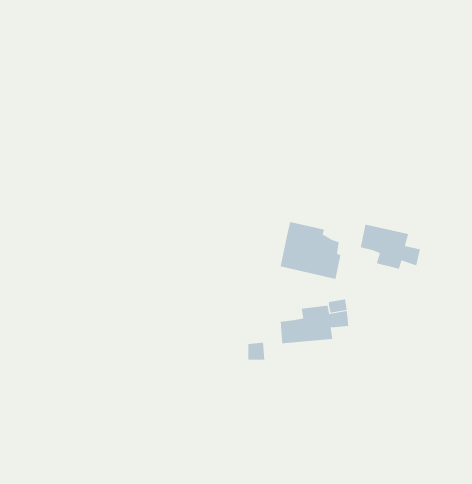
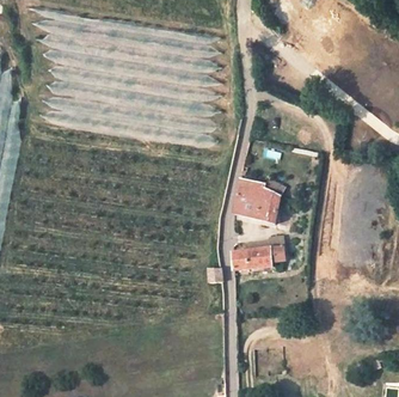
building: [360,224,421,270] -> none

